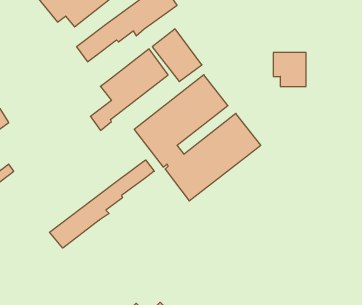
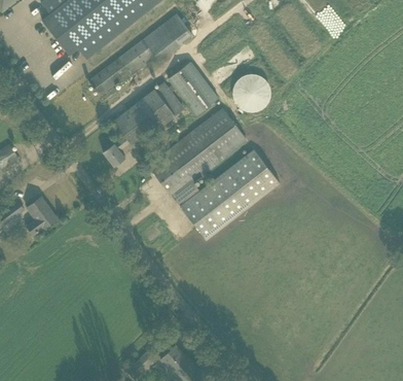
building: [273,53,306,86] -> [231,74,265,109]
building: none -> [26,196,57,234]
building: [50,160,154,248] -> none

